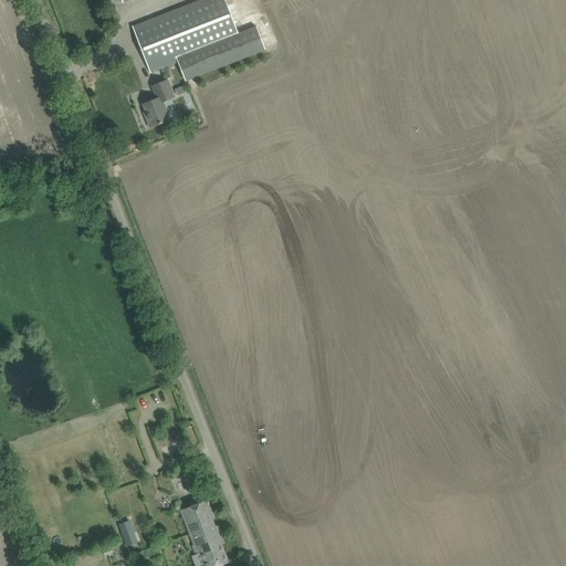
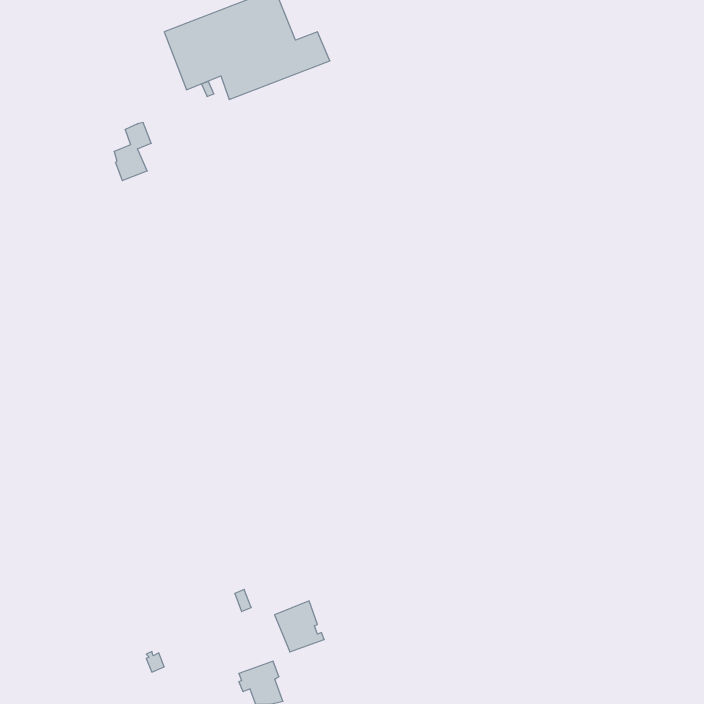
building: [143,80,172,126] -> [114,123,151,181]
building: [179,499,219,539] -> [275,601,324,652]

